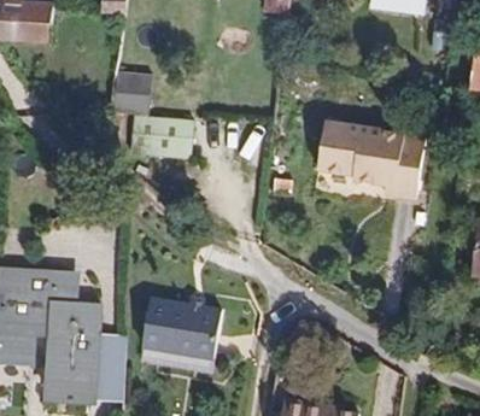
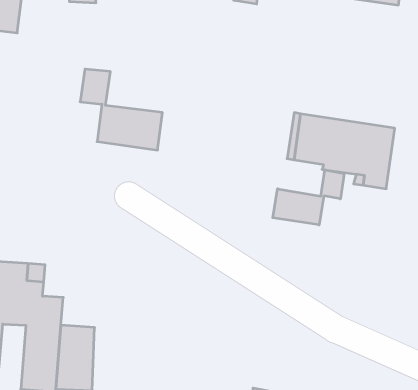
building: none -> [273,170,344,225]
building: [142,298,222,357] -> none

